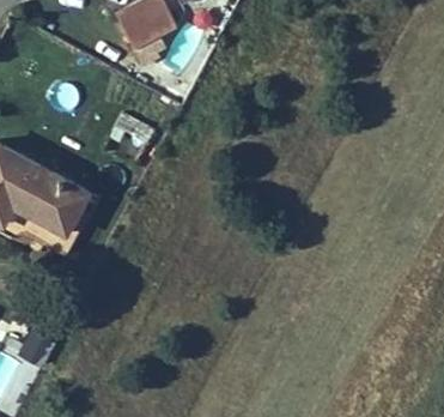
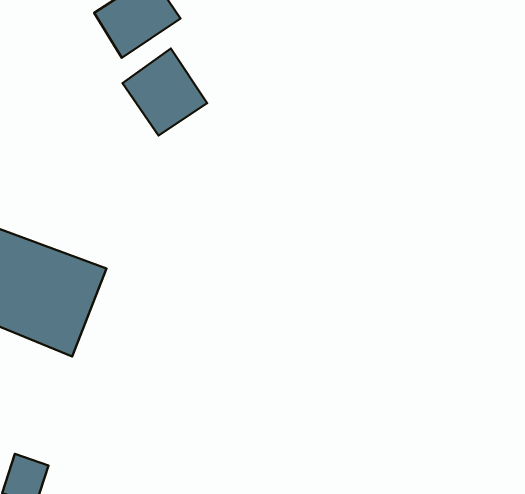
building: none -> [123,49,207,135]

